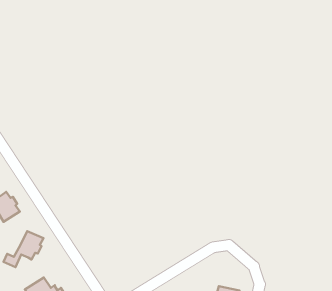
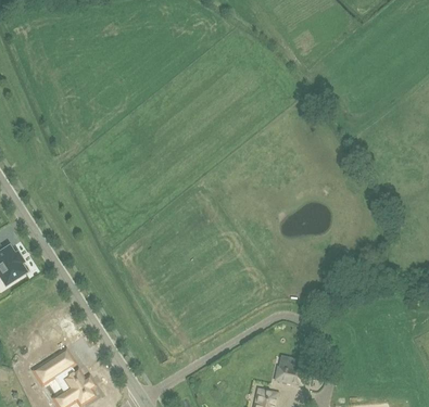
building: [4,231,43,267] -> none

